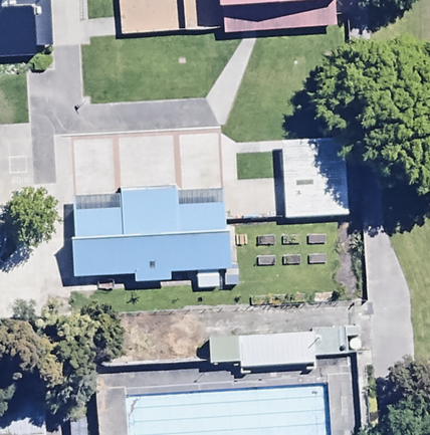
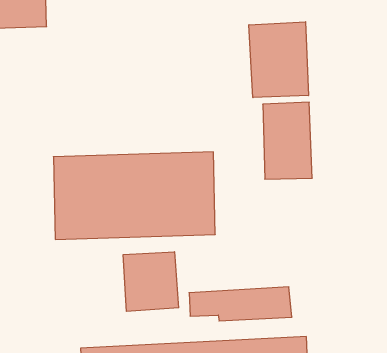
building: none -> [249,22,308,98]
building: none -> [123,252,179,311]

